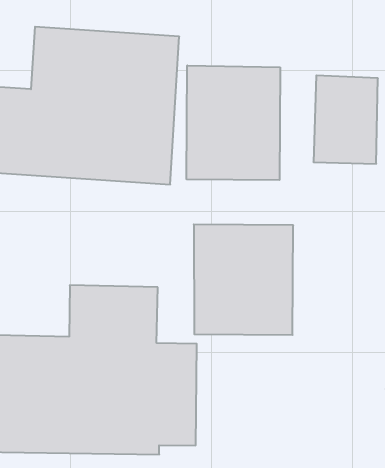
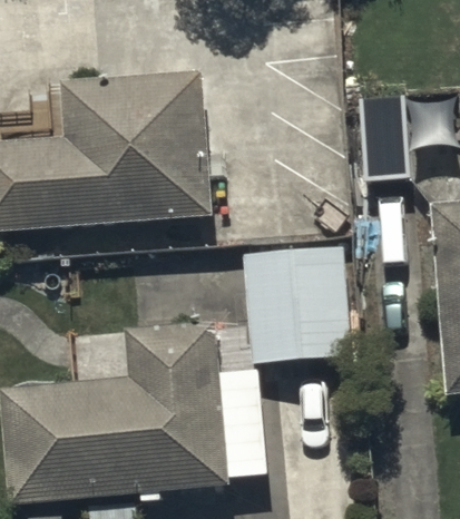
building: [187,65,280,180] -> none

